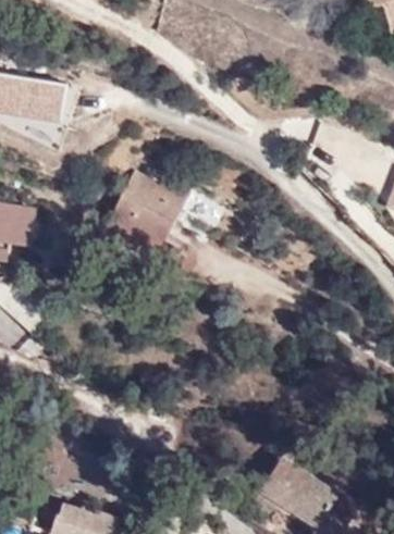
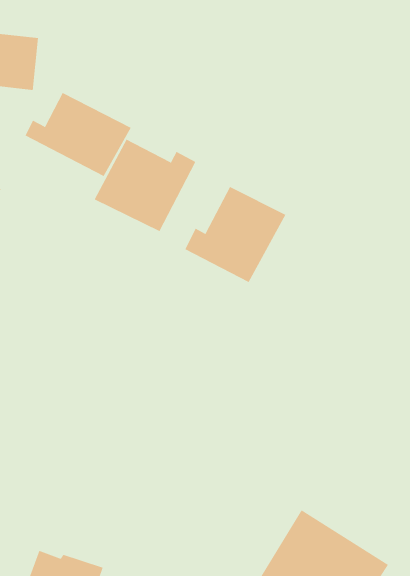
building: none -> [25,92,132,177]
building: none -> [185,186,286,283]

